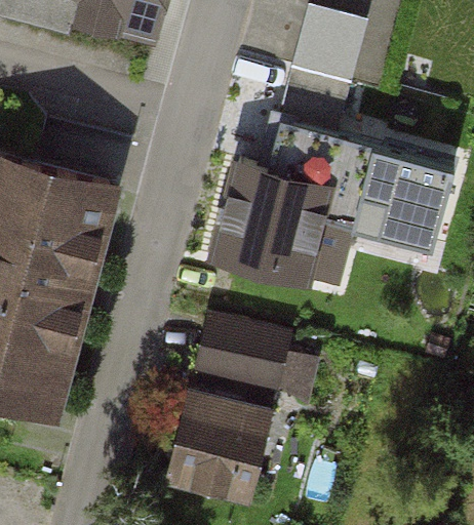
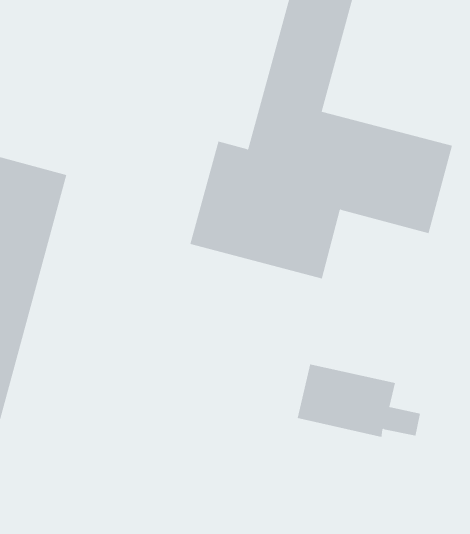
building: [202,320,314,387] -> [297,364,421,437]
building: [165,397,266,504] -> none

